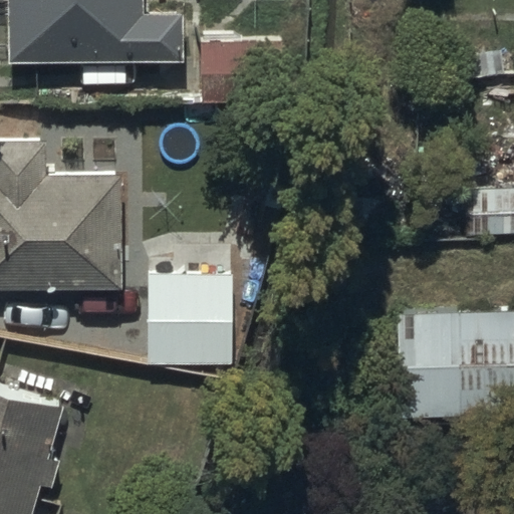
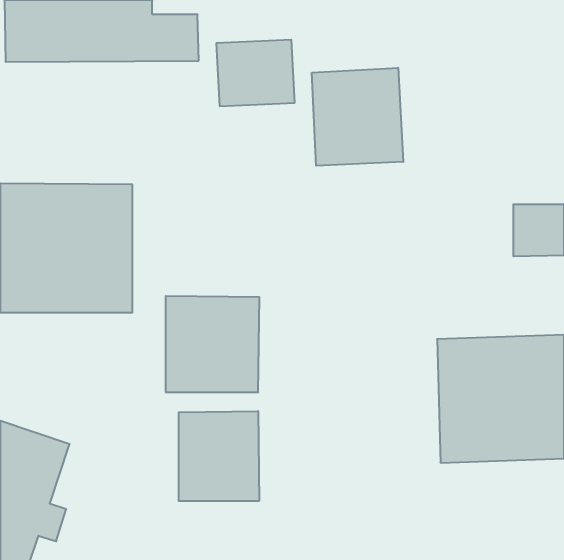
building: none -> [312,68,403,166]
building: none -> [179,411,259,501]

